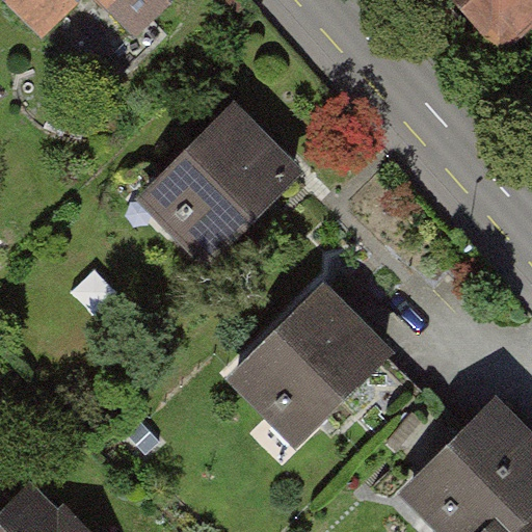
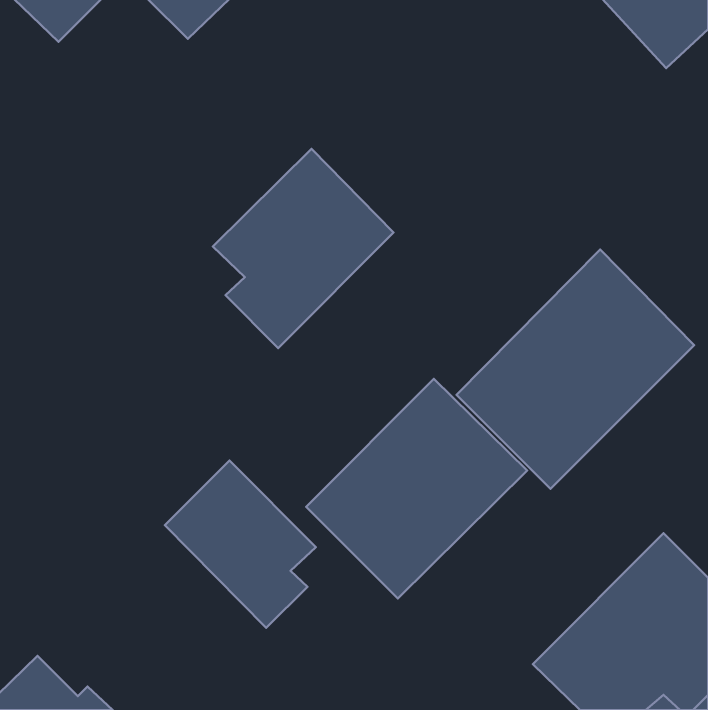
building: none -> [457,249,694,489]
building: none -> [165,461,316,628]

